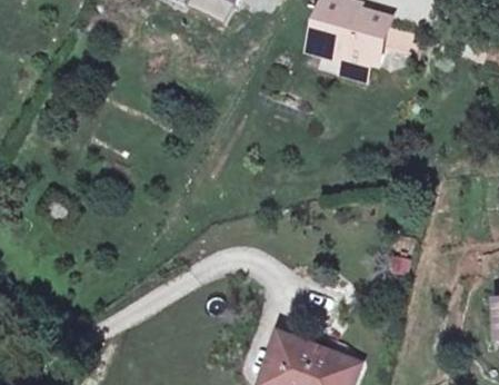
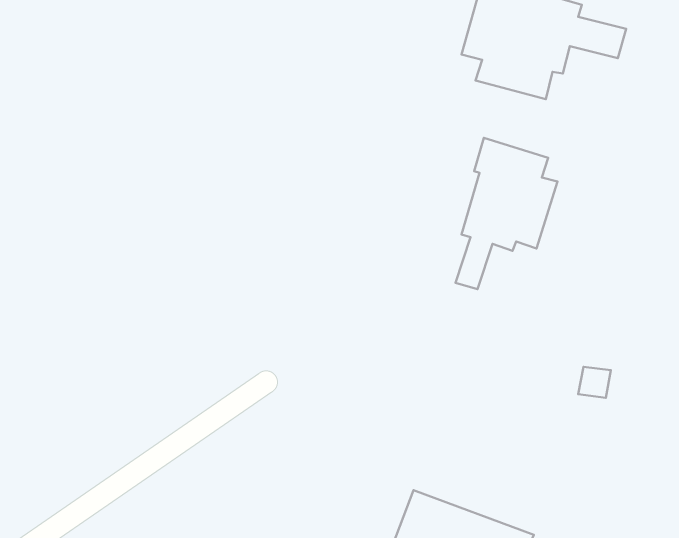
building: none -> [455,138,558,289]

